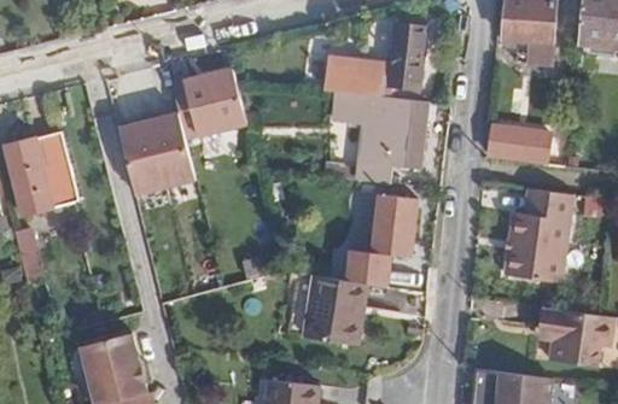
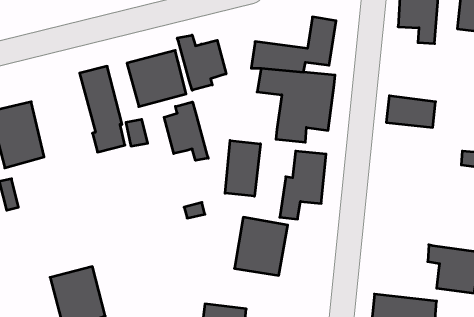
building: none -> [177,35,226,90]
building: none -> [164,102,208,160]
building: none -> [225,140,260,196]
building: [505,186,572,281] -> none

